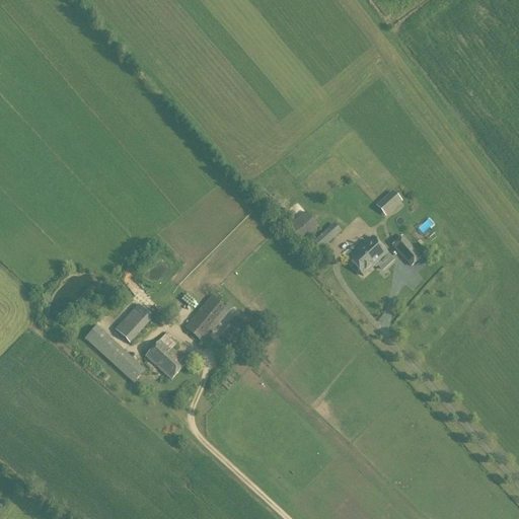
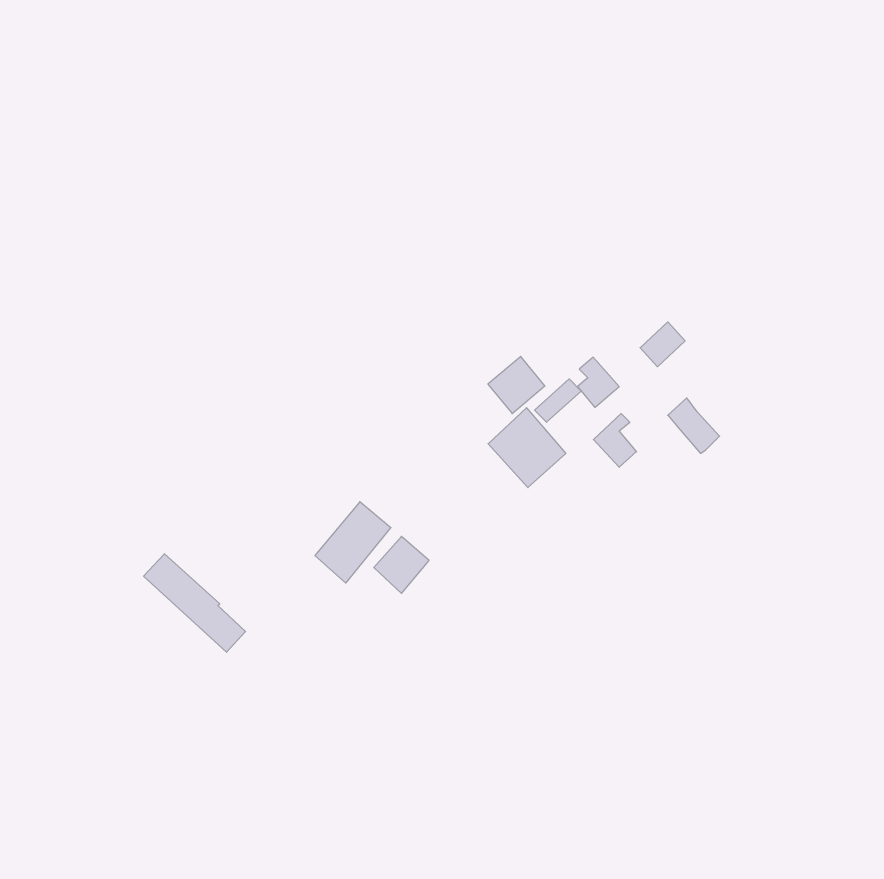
building: [363,235,387,265] -> [578,357,619,407]
building: none -> [488,408,566,488]
building: [115,302,153,342] -> none
building: [145,333,184,378] -> none

